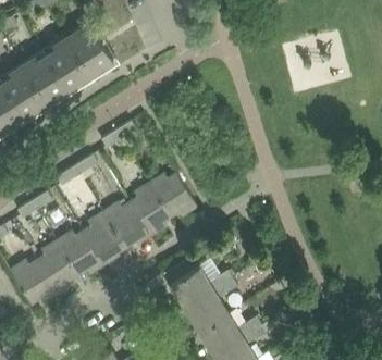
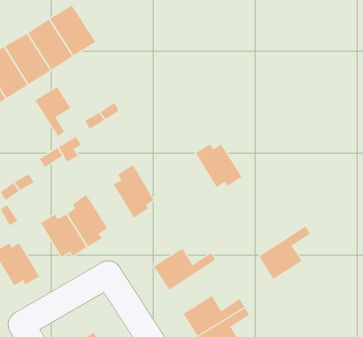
building: none -> [35,87,71,137]
building: [149,175,196,219] -> [195,144,242,188]
building: [102,203,149,247] -> none
building: [36,241,77,295] -> none
building: [184,278,236,332] -> [259,226,311,279]

